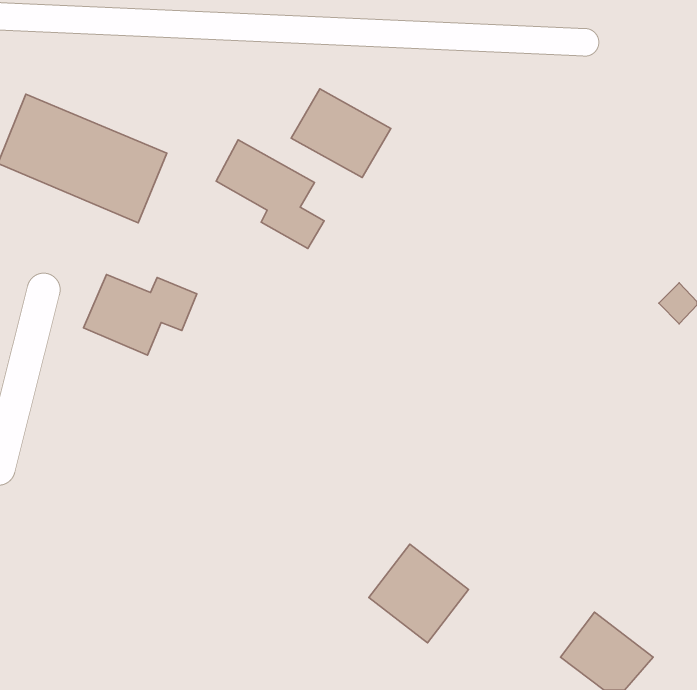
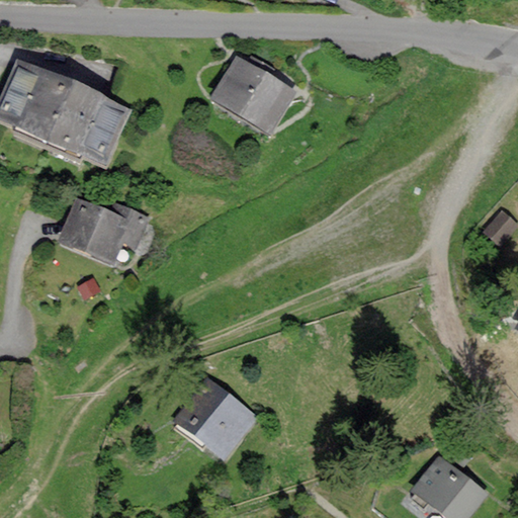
building: [216,140,324,248] -> none
building: [369,544,469,643] -> [179,373,253,446]

